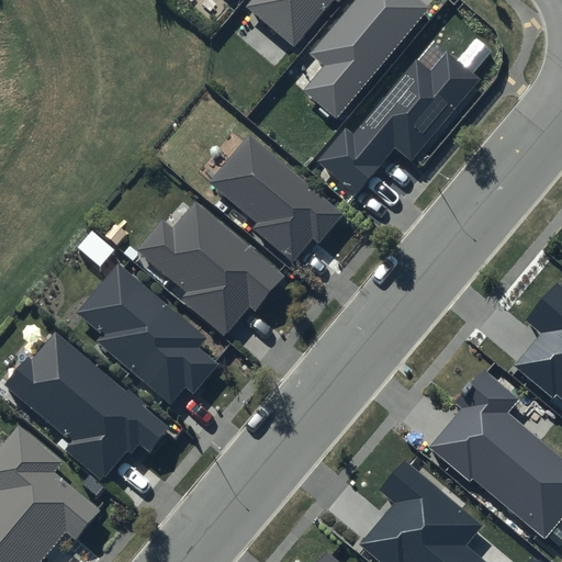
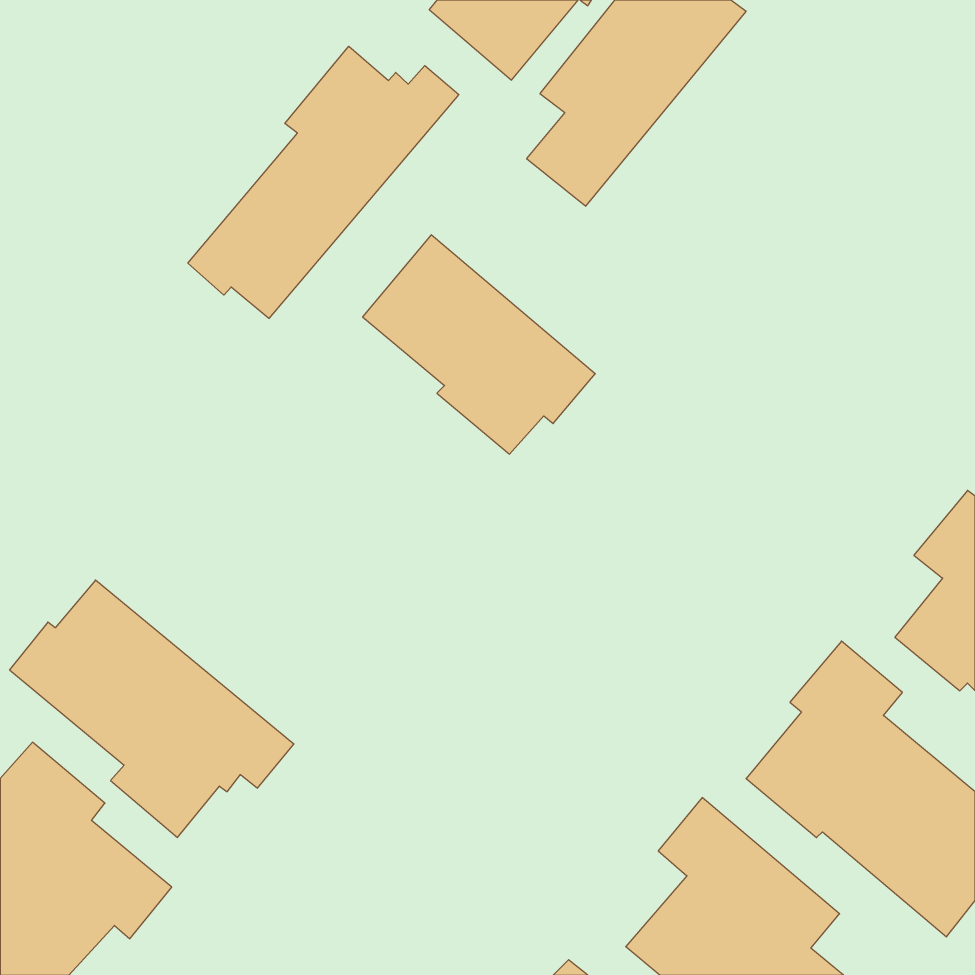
building: none -> [188,46,459,318]
building: [318,50,482,193] -> none
building: [137,202,285,337] -> none
building: [75,262,217,403] -> none

